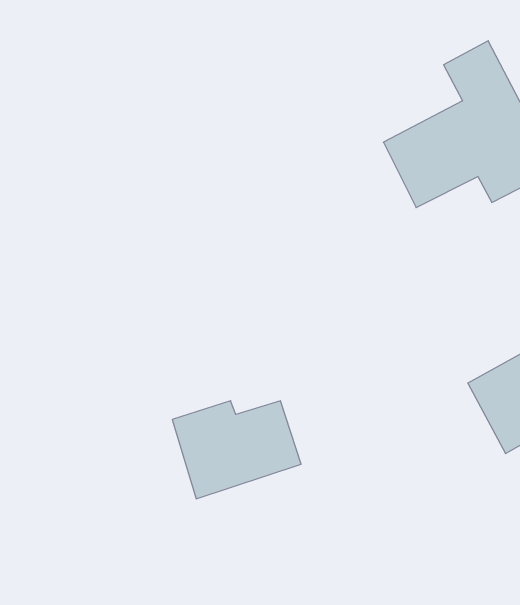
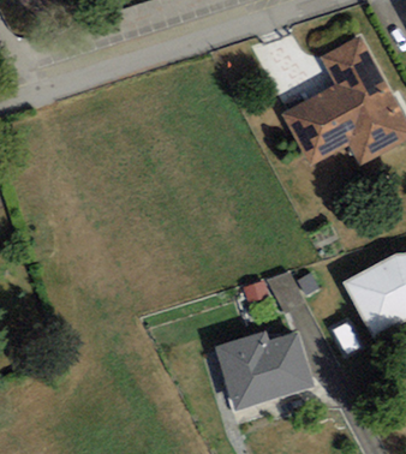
building: [172,401,301,499] -> [217,336,308,405]

